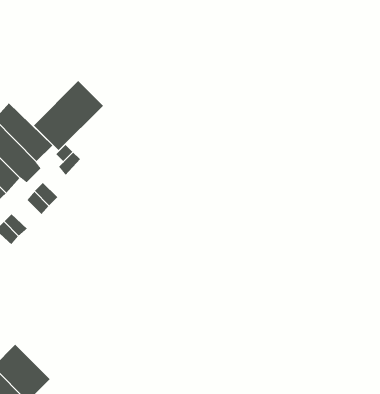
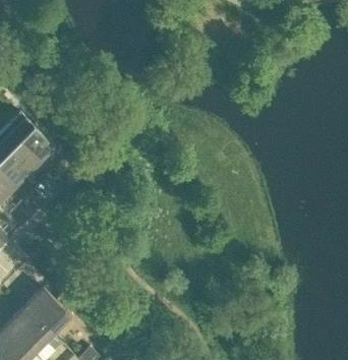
building: [33,80,104,151] -> none
building: none -> [23,289,70,336]

